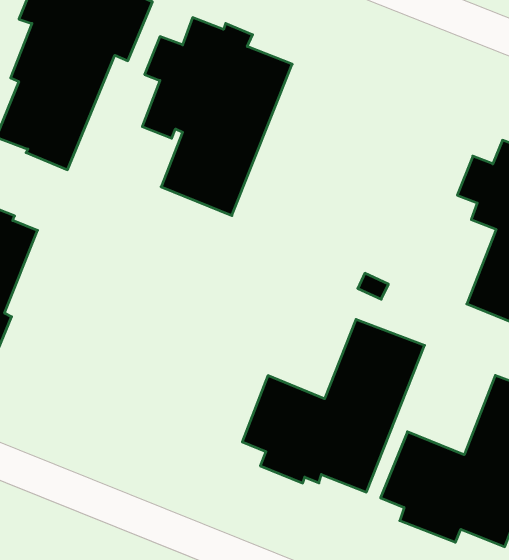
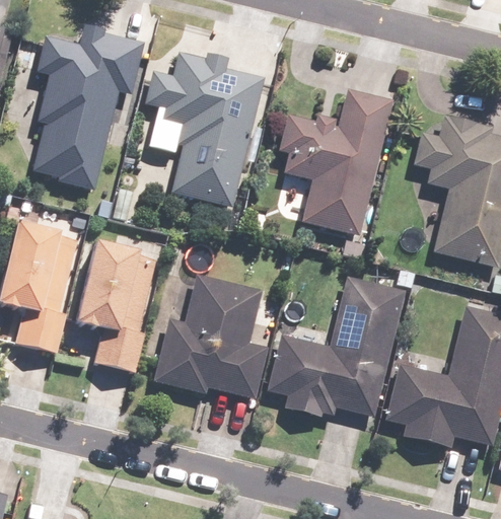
building: none -> [279,87,393,236]
building: none -> [73,241,156,372]
building: none -> [155,273,268,398]

